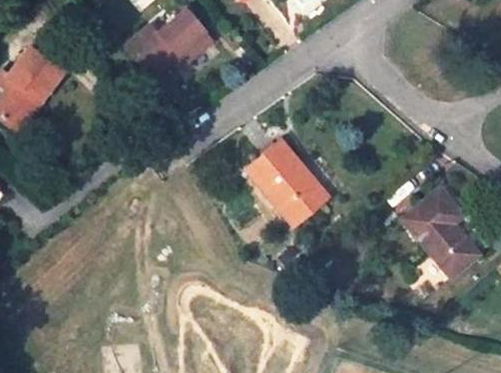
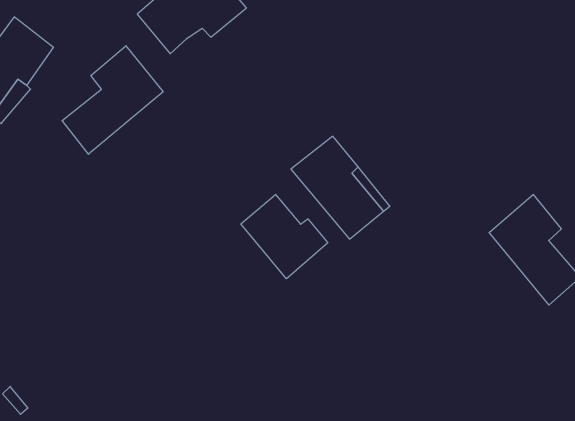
building: none -> [62,46,163,154]
building: none -> [241,194,328,279]

